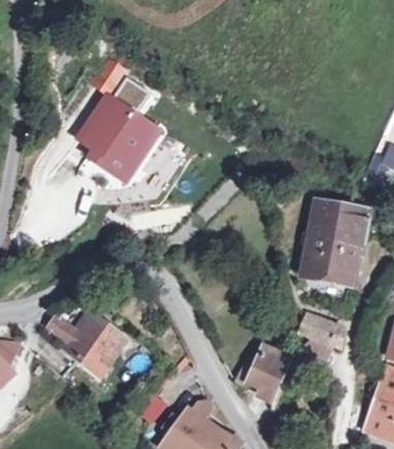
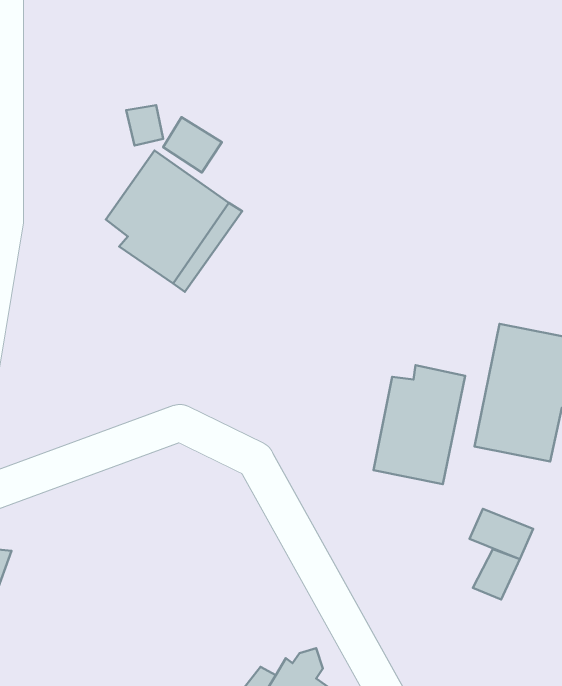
building: none -> [374,365,465,484]
building: [64,310,128,377] -> none
building: [233,348,292,402] -> none

